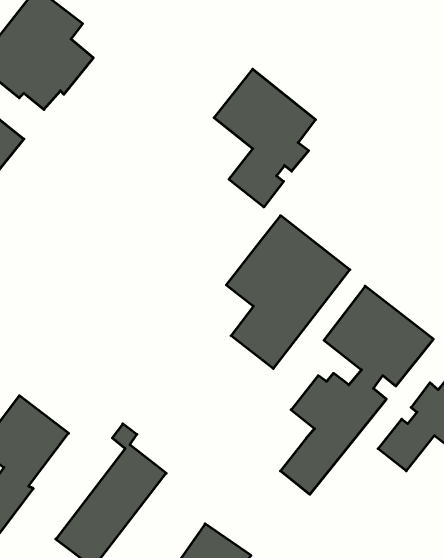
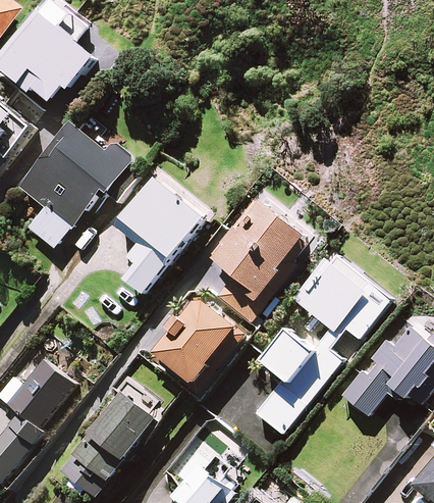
building: [214,69,316,207] -> none
building: none -> [17,124,135,249]
building: none -> [117,174,208,294]
building: none -> [152,296,242,388]

